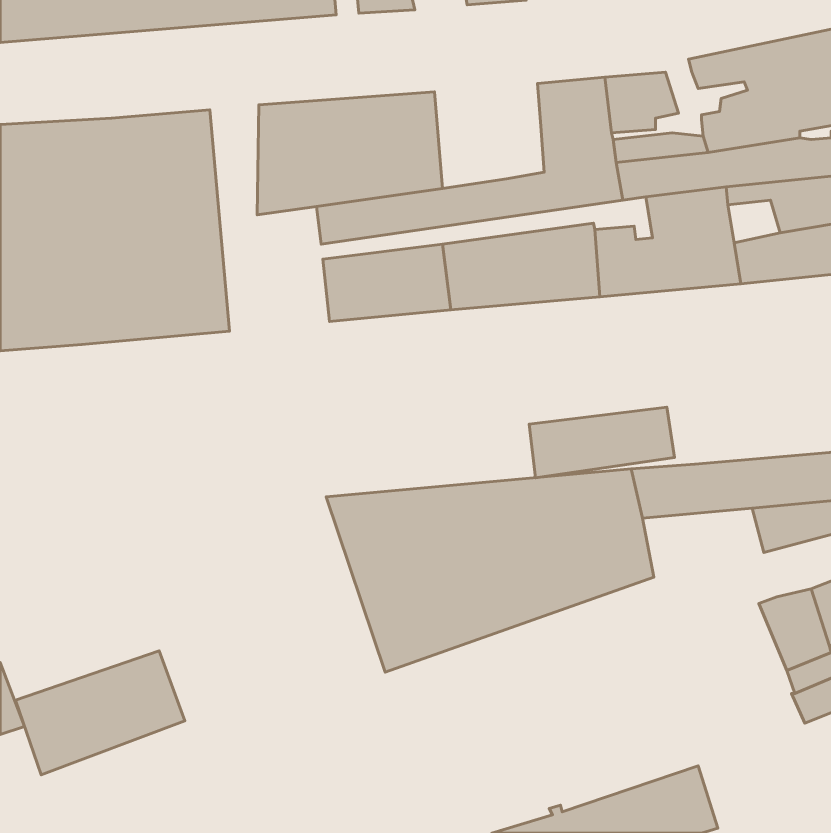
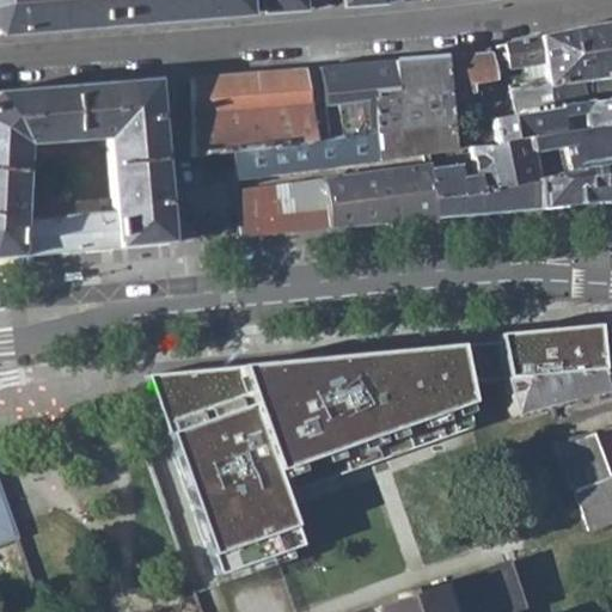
building: none -> [322,61,399,137]
building: [529,407,674,478] -> none
building: none -> [151,362,302,571]
building: none -> [512,371,562,415]
building: [16,651,185,775] -> none

